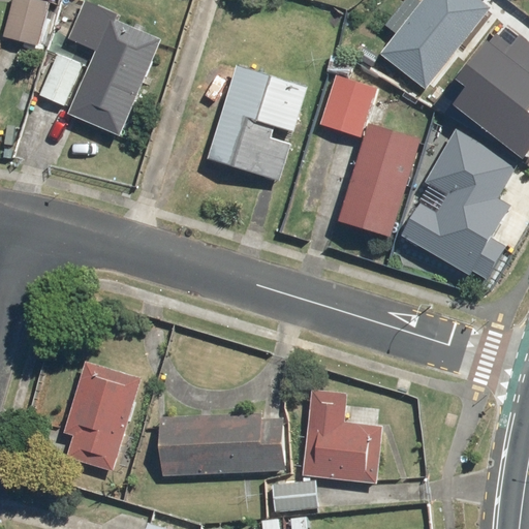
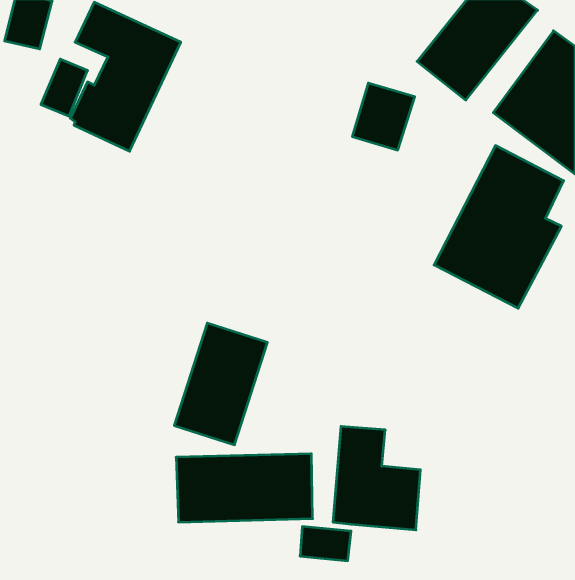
building: [204,64,308,179] -> none
building: [342,122,417,231] -> none
building: [57,360,142,470] -> [174,323,267,445]

